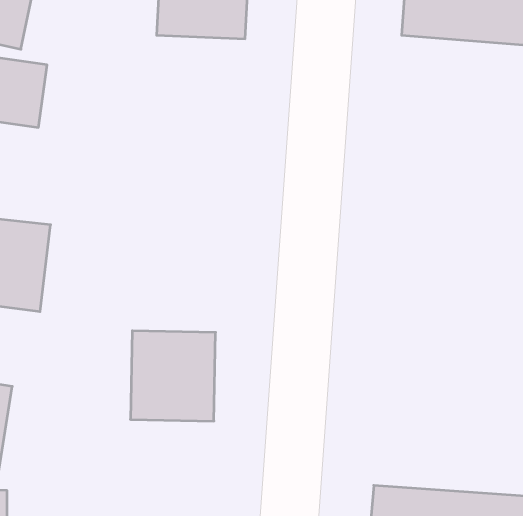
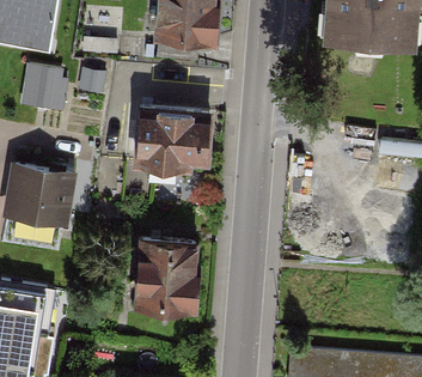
building: none -> [133,105,209,165]

